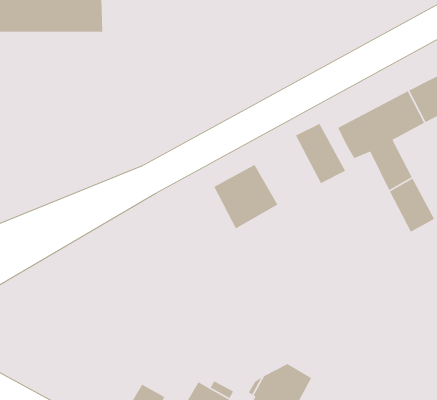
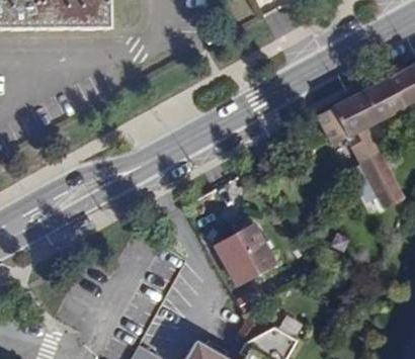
building: [295,123,346,184] -> none
building: [213,164,279,230] -> [218,226,276,284]

